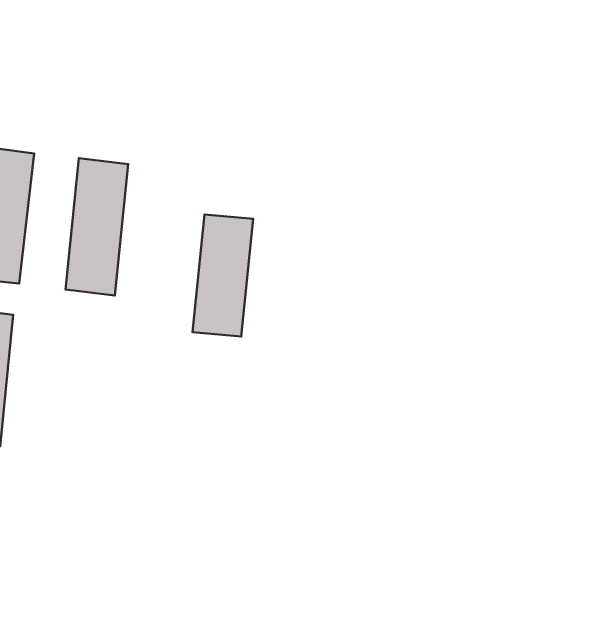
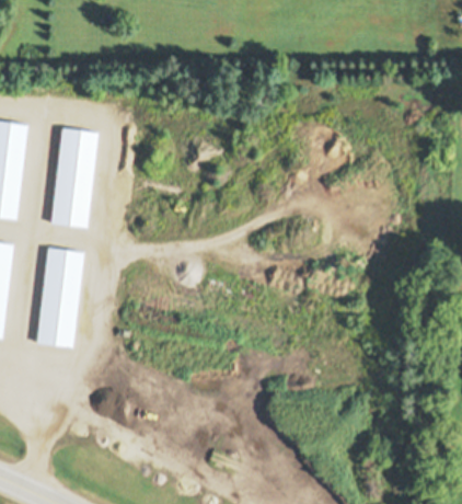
building: [193,215,253,336] -> none
building: none -> [35,247,82,347]

